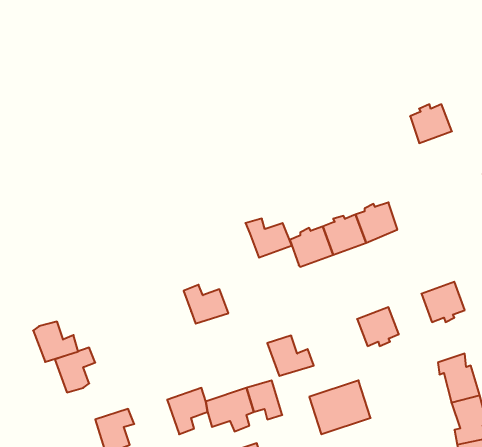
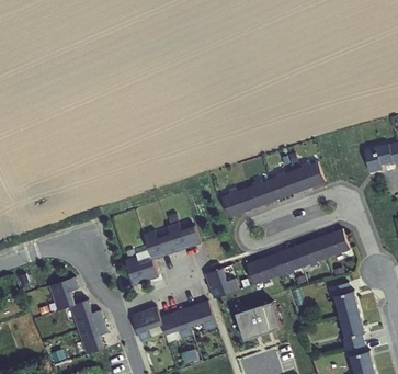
building: [410,104,452,143] -> [293,161,323,190]
building: [245,219,292,258] -> [166,223,200,251]
building: none -> [293,237,325,267]
building: none -> [124,250,157,285]
building: none -> [246,256,277,284]
building: [33,322,78,362] -> [69,299,102,329]

